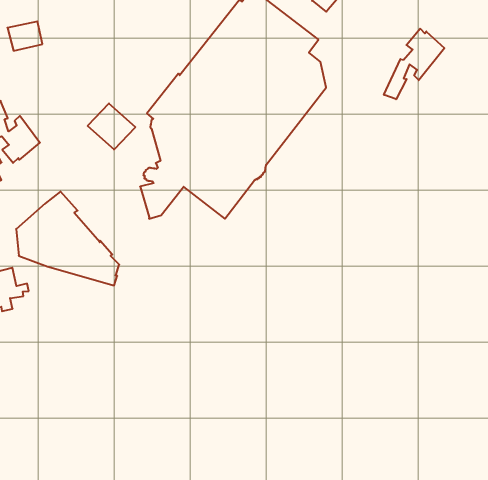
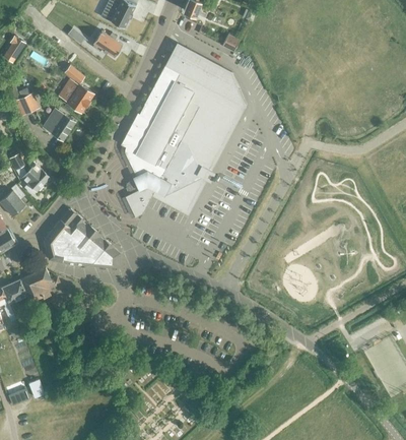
building: none -> [65,82,95,115]
building: [384,29,444,99] -> none
building: [88,103,135,150] -> [42,109,75,140]

